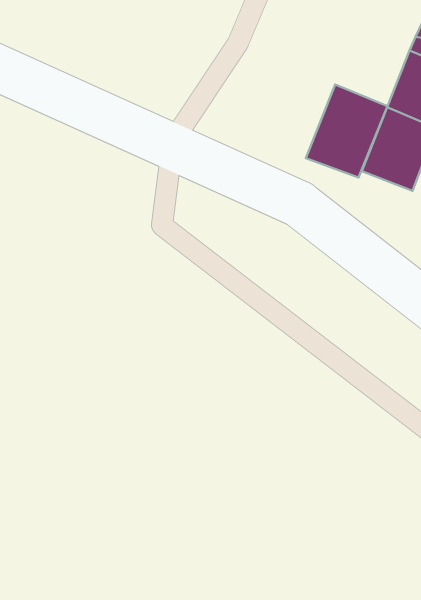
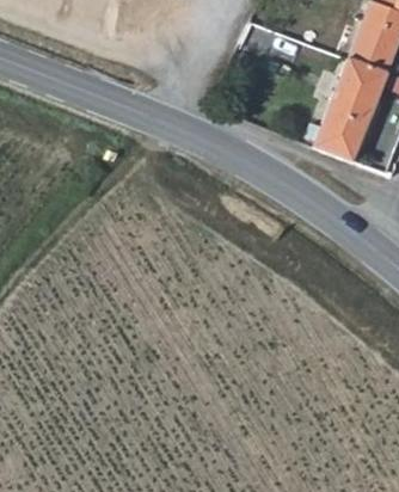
building: [306,85,388,177] -> none

